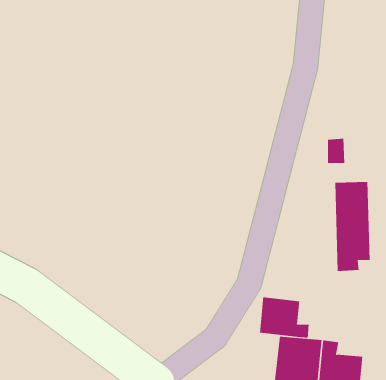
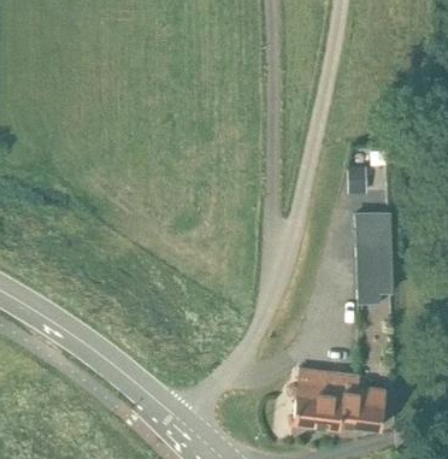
building: [260,297,309,339] -> none

